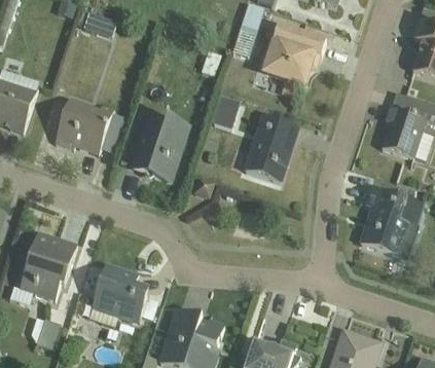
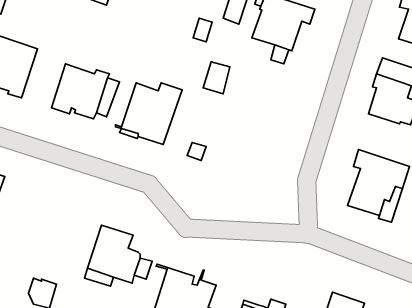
building: [245,115,297,181] -> none
building: [19,231,77,300] -> none

